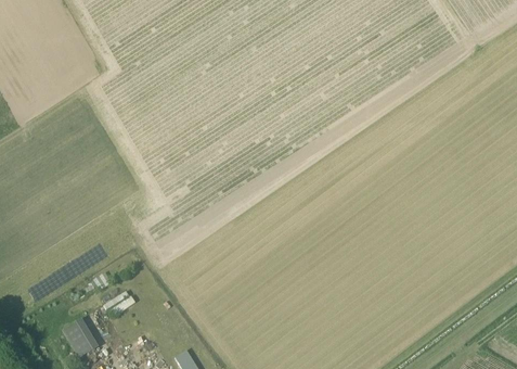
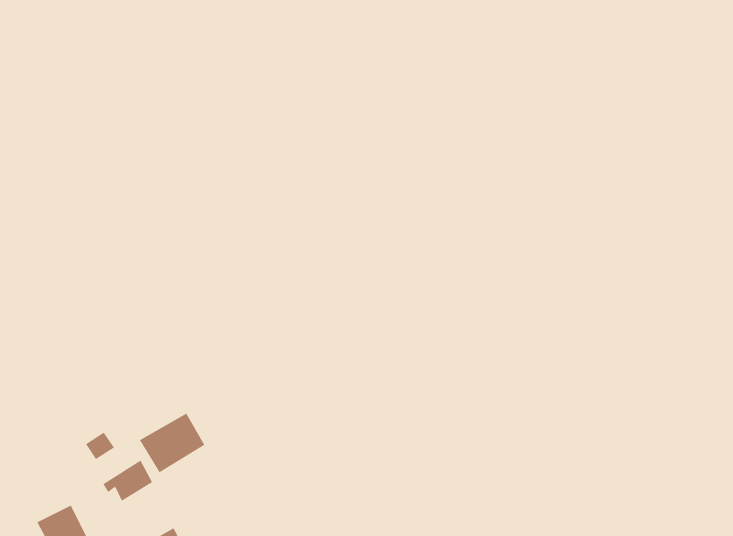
building: none -> [139,413,205,473]

